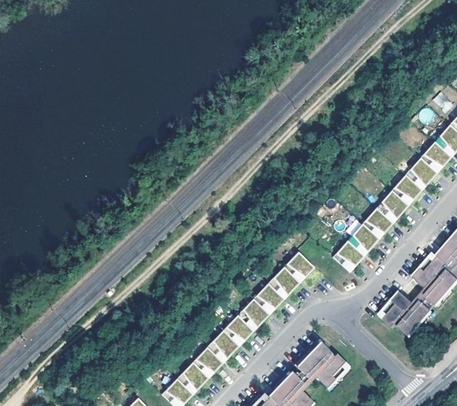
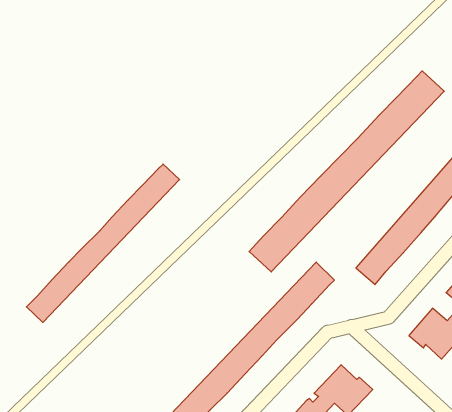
building: none -> [249,71,444,272]
building: none -> [26,164,180,322]

